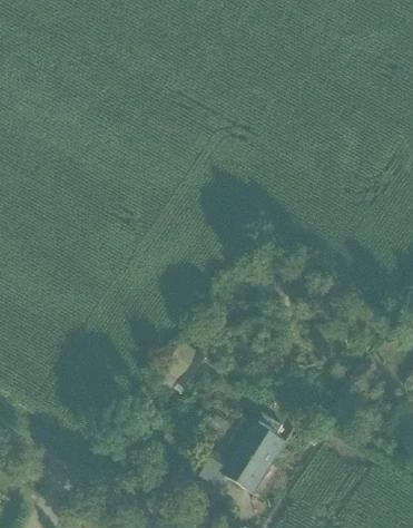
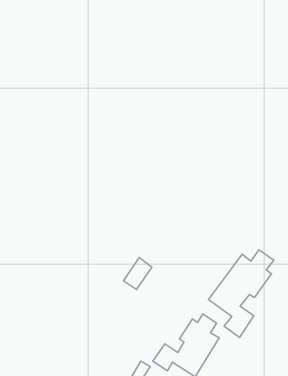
building: none -> [209,250,274,337]

